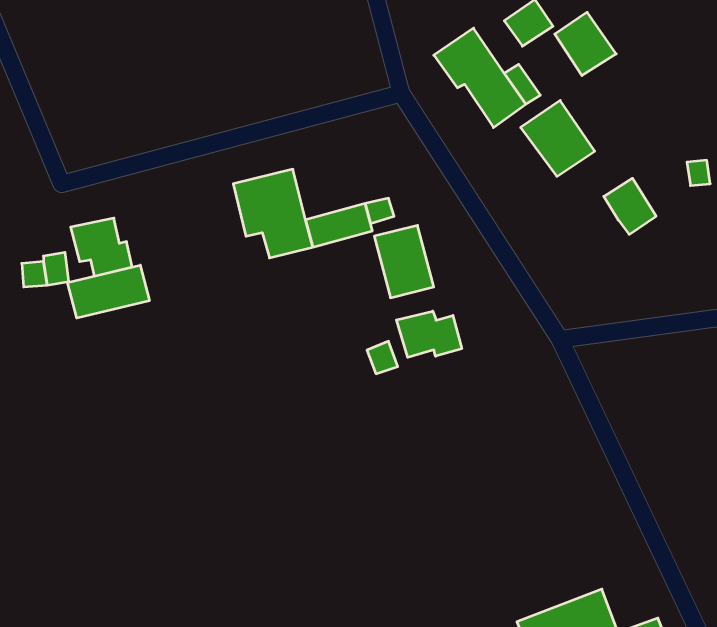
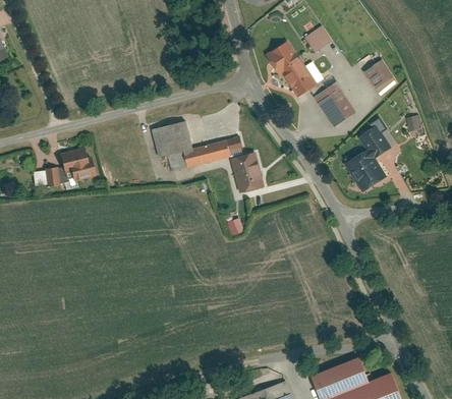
building: [555,12,616,76] -> [363,60,398,96]
building: none -> [345,150,386,191]
building: [67,265,149,318] -> none
building: [396,311,462,357] -> none

